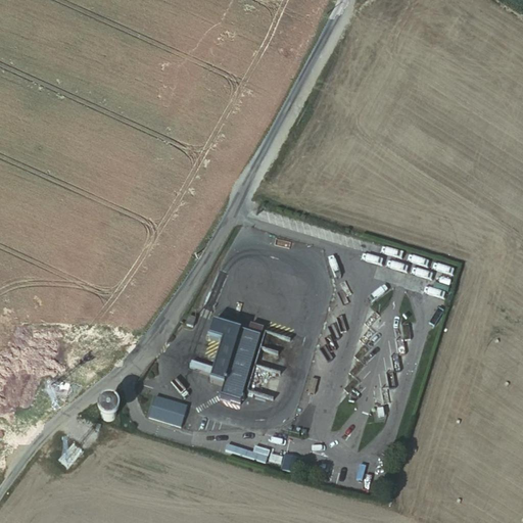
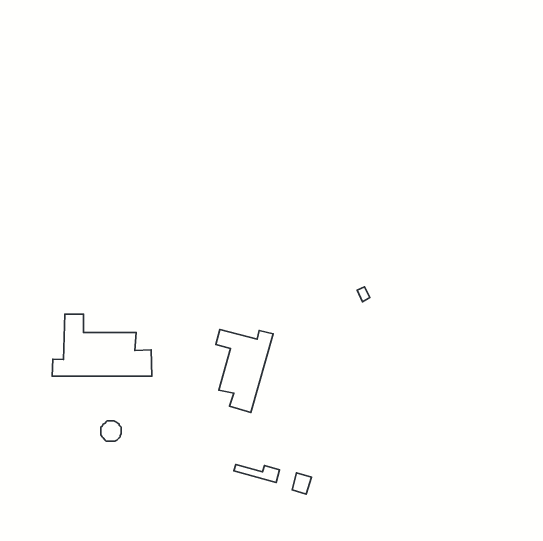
building: none -> [52,314,152,376]
building: [150,393,188,422] -> none

